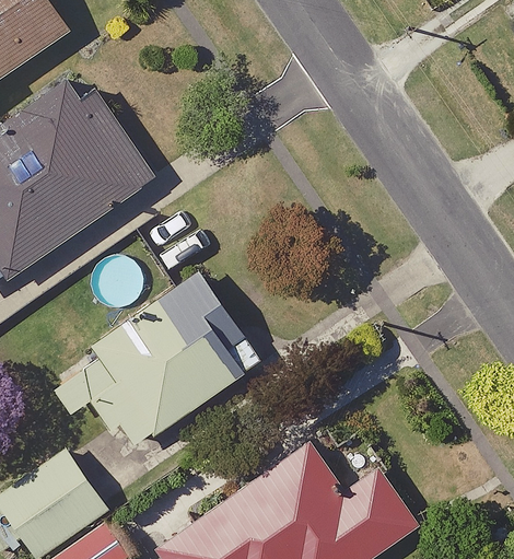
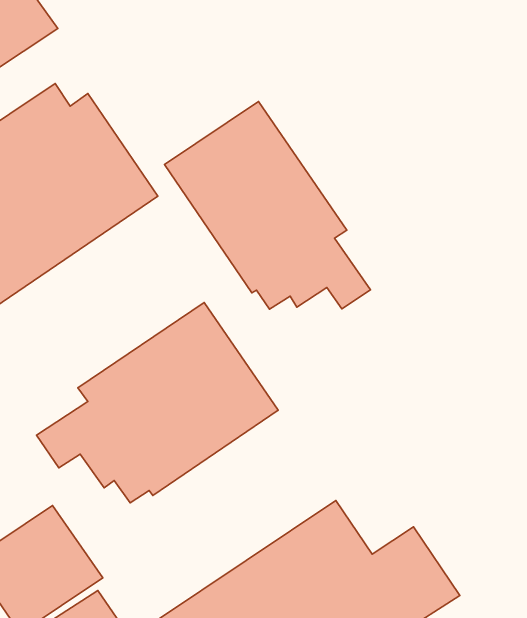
building: none -> [165,101,370,309]

